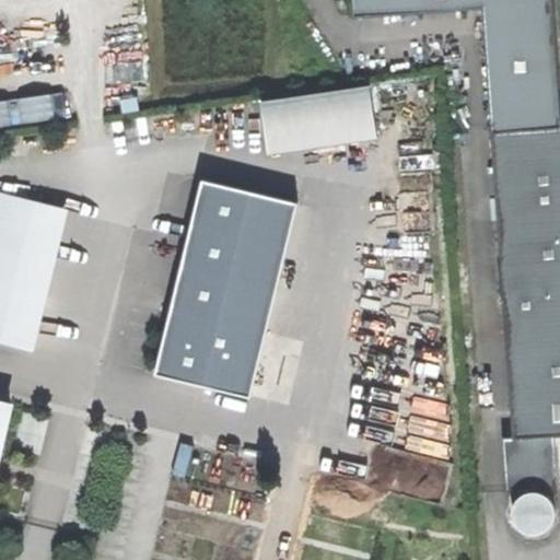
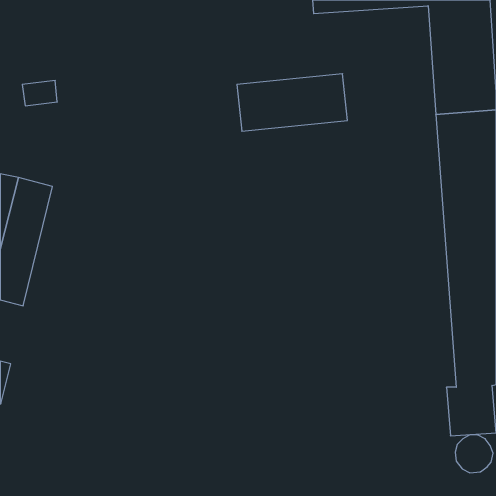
building: [155,179,298,397] -> none

